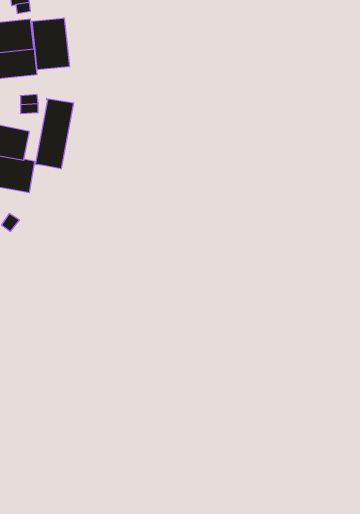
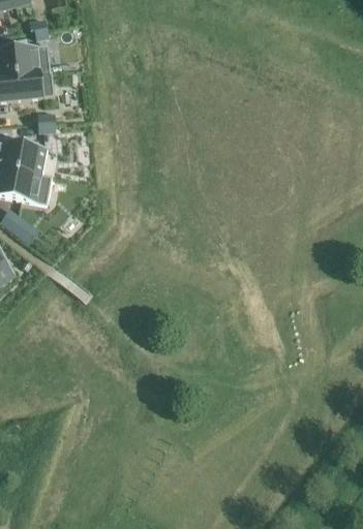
building: [32,18,69,70] -> none
building: [34,98,73,169] -> none

